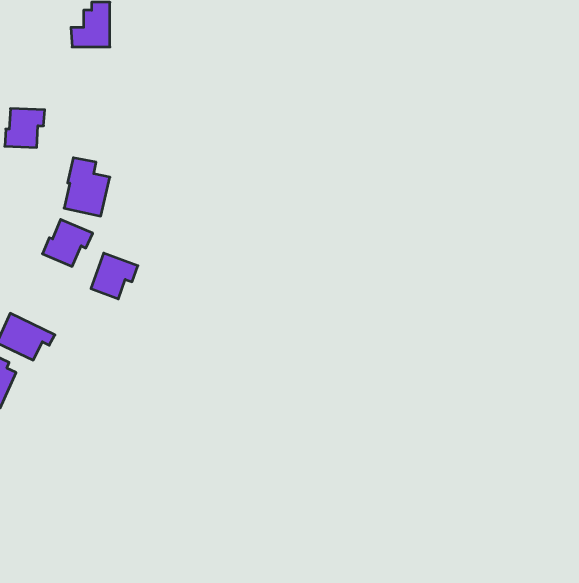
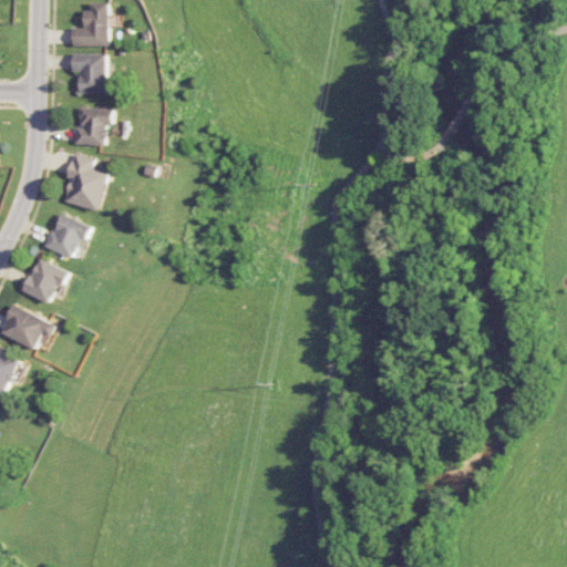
building: none -> [69,54,103,94]
building: [5,109,45,147] -> [72,109,111,146]
building: [91,253,138,299] -> [21,259,66,303]

